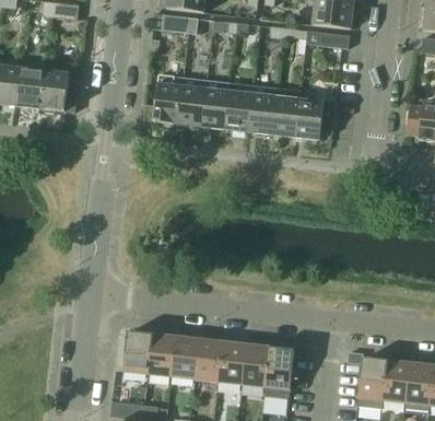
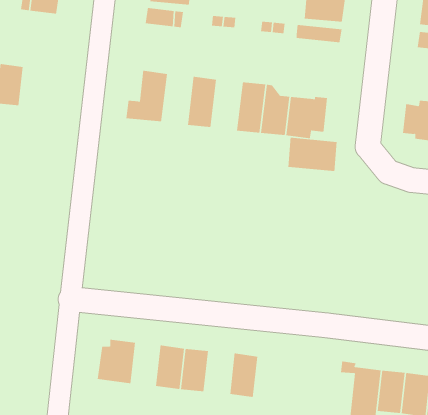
building: [40,70,78,112] -> none
building: [177,77,207,126] -> none
building: [224,82,254,131] -> none
building: none -> [288,137,337,172]
building: [148,334,175,384] -> none
building: [217,341,246,383] -> none
building: [263,344,308,397] -> none

